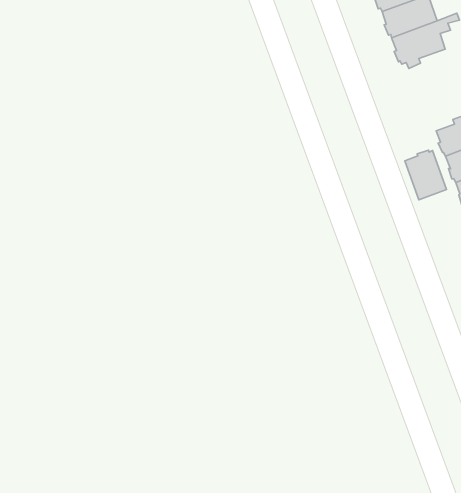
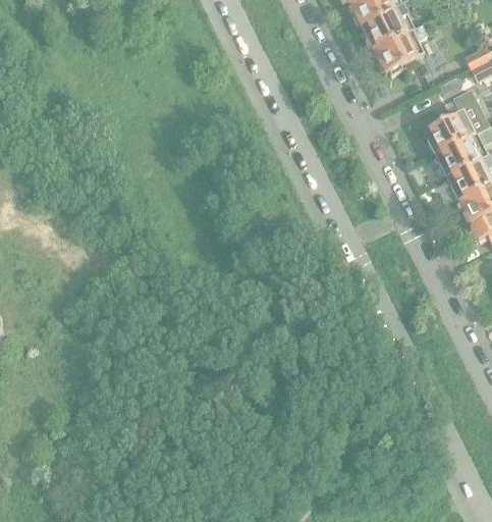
building: [405,150,446,200] -> none

